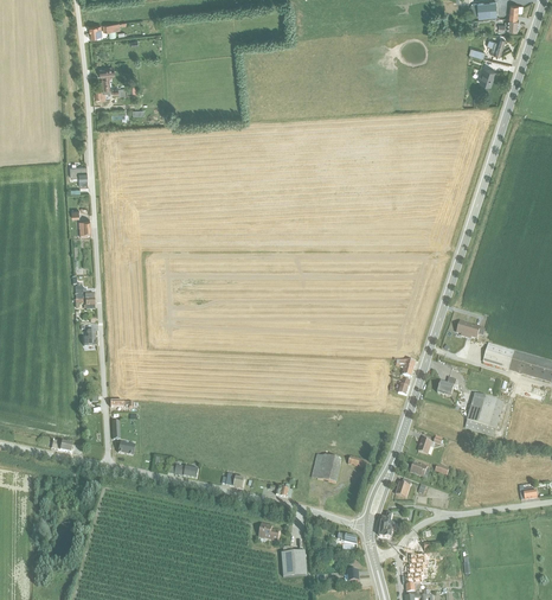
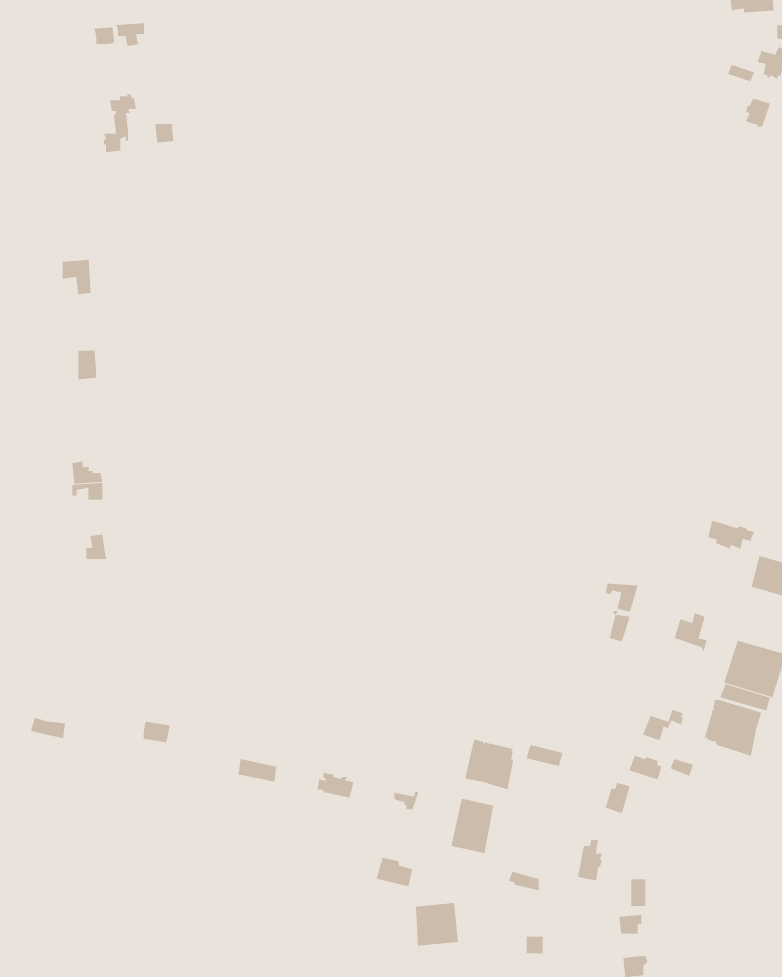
building: none -> [704,699,762,757]
building: none -> [451,798,494,854]

